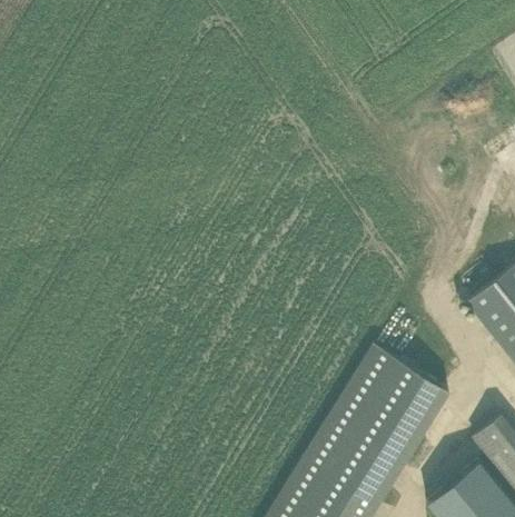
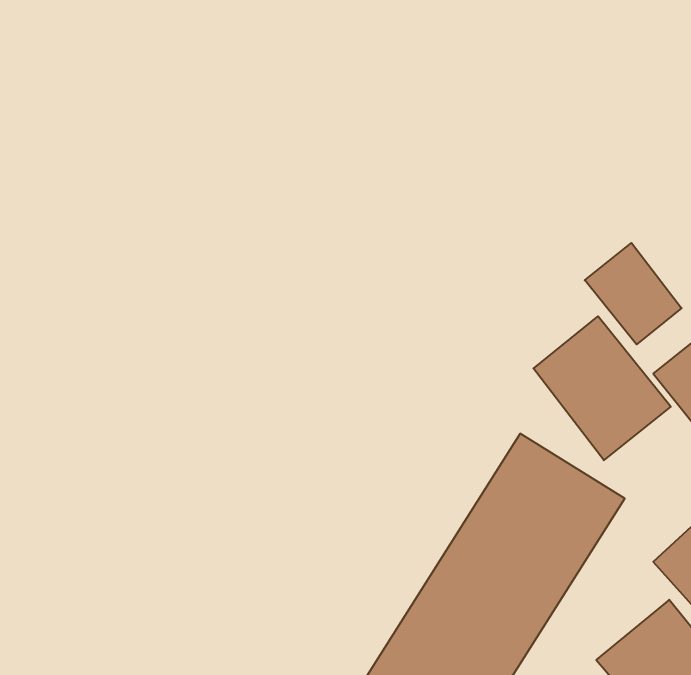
building: none -> [585,243,682,344]
building: none -> [533,316,671,460]

